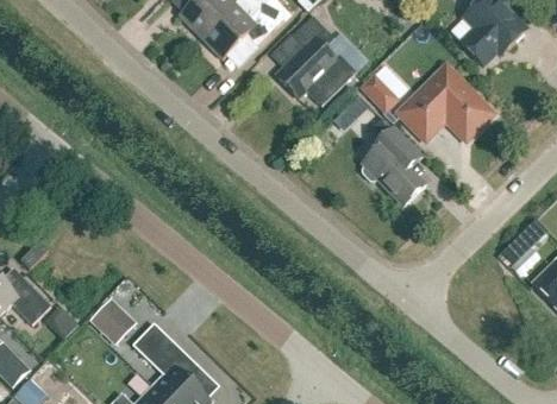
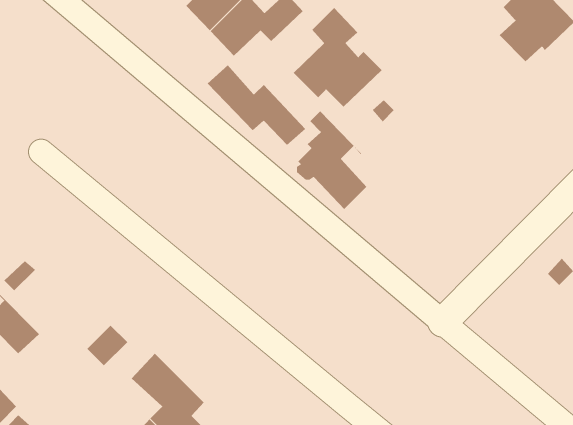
building: [399,65,493,139] -> none
building: none -> [207,65,306,146]
building: [358,72,398,112] -> none
building: [362,118,425,206] -> [296,111,367,210]

